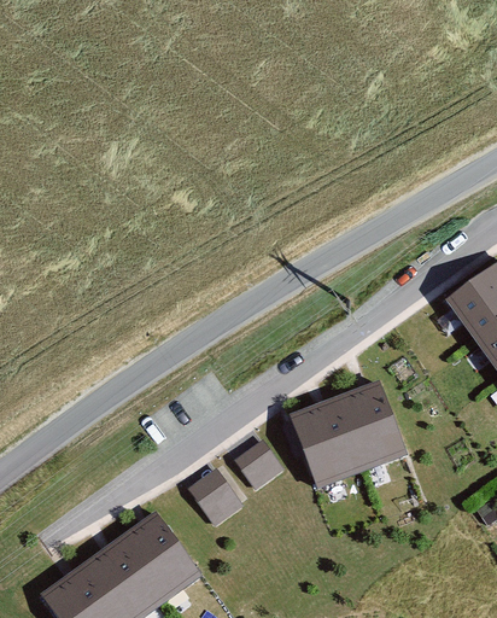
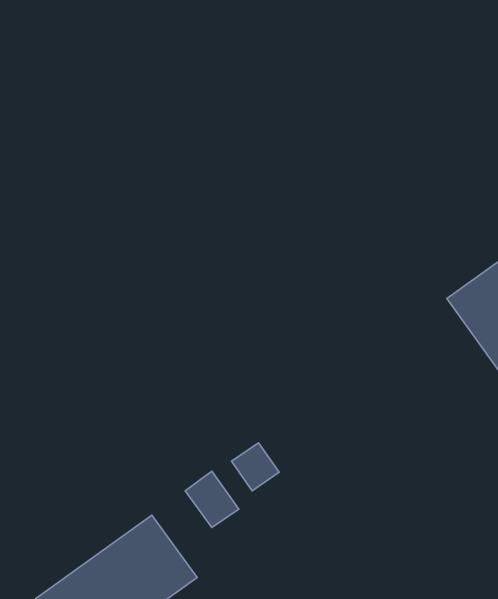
building: [290,383,405,486] -> none

